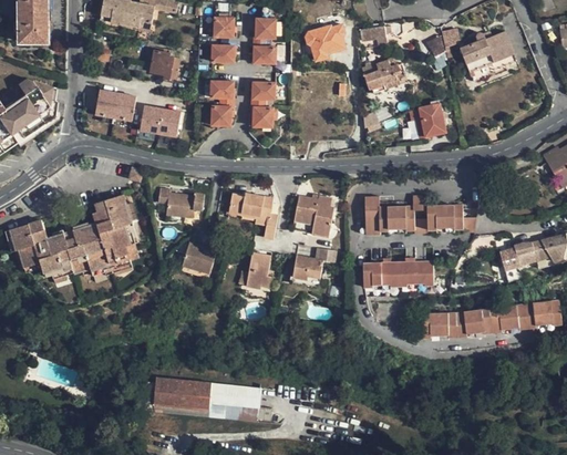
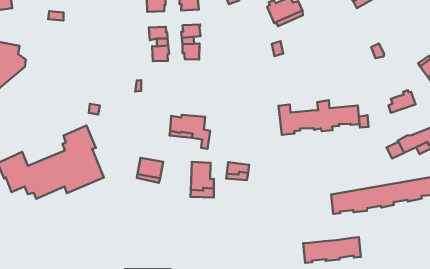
building: [148,51,179,82] -> none
building: [93,90,135,124] -> none
building: [419,104,445,137] -> none
building: [138,106,181,138] -> none
building: none -> [389,90,416,113]
building: [156,190,203,218] -> none
building: [290,196,334,239] -> none
building: [363,258,433,283] -> [303,237,361,263]

